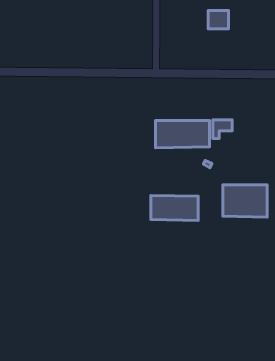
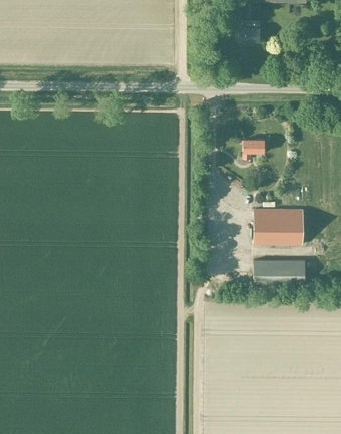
building: [156,121,210,148] -> none
building: [151,195,198,220] -> [255,259,306,286]

